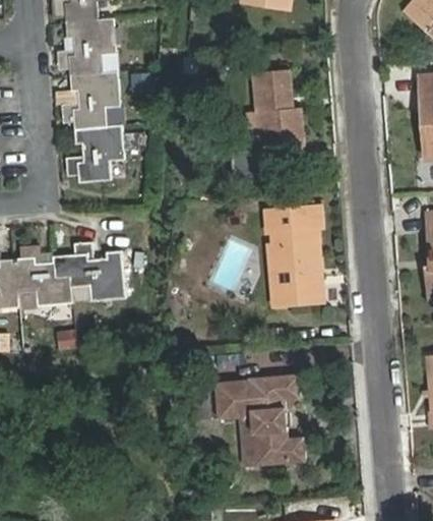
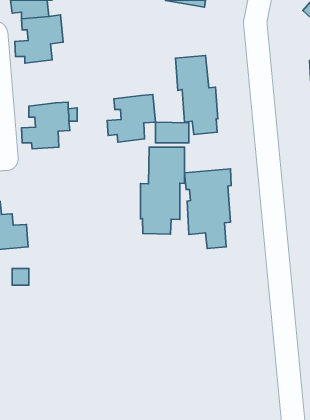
building: [61,72,120,130] -> [107,95,155,142]
building: none -> [140,147,185,234]
building: [54,241,125,301] -> none
building: [214,374,304,465] -> none

